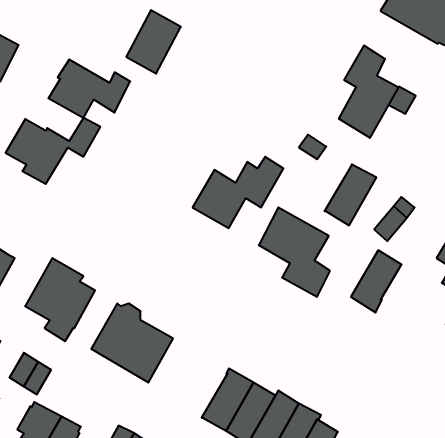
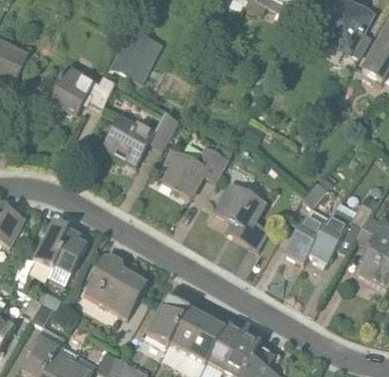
building: [339,45,398,138] -> none
building: [6,118,100,184] -> [105,113,178,164]
building: [324,164,376,225] -> [308,216,348,263]
building: none -> [145,296,189,346]

